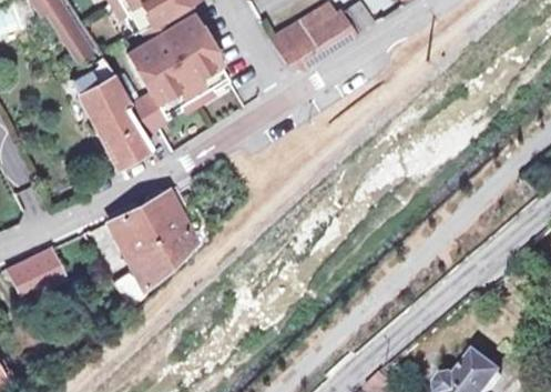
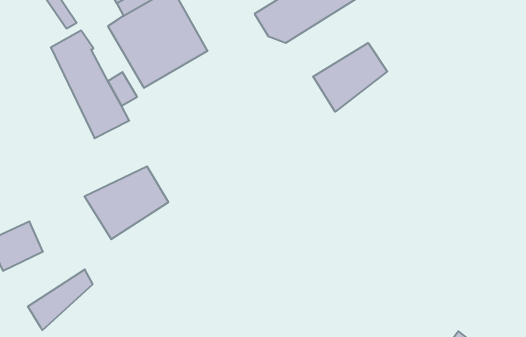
building: none -> [313,43,387,112]
building: [133,227,197,287] -> [28,269,93,330]

